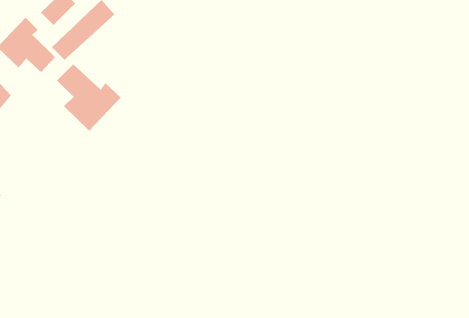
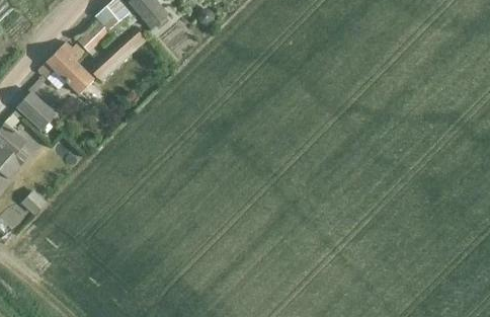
building: [56,63,122,131] -> none

